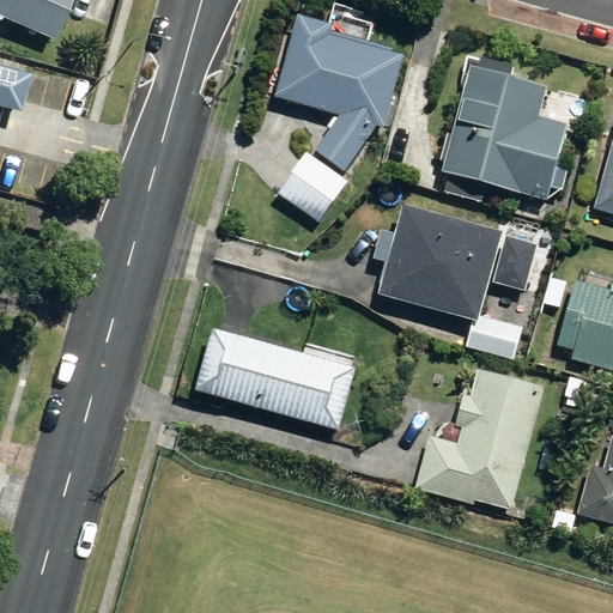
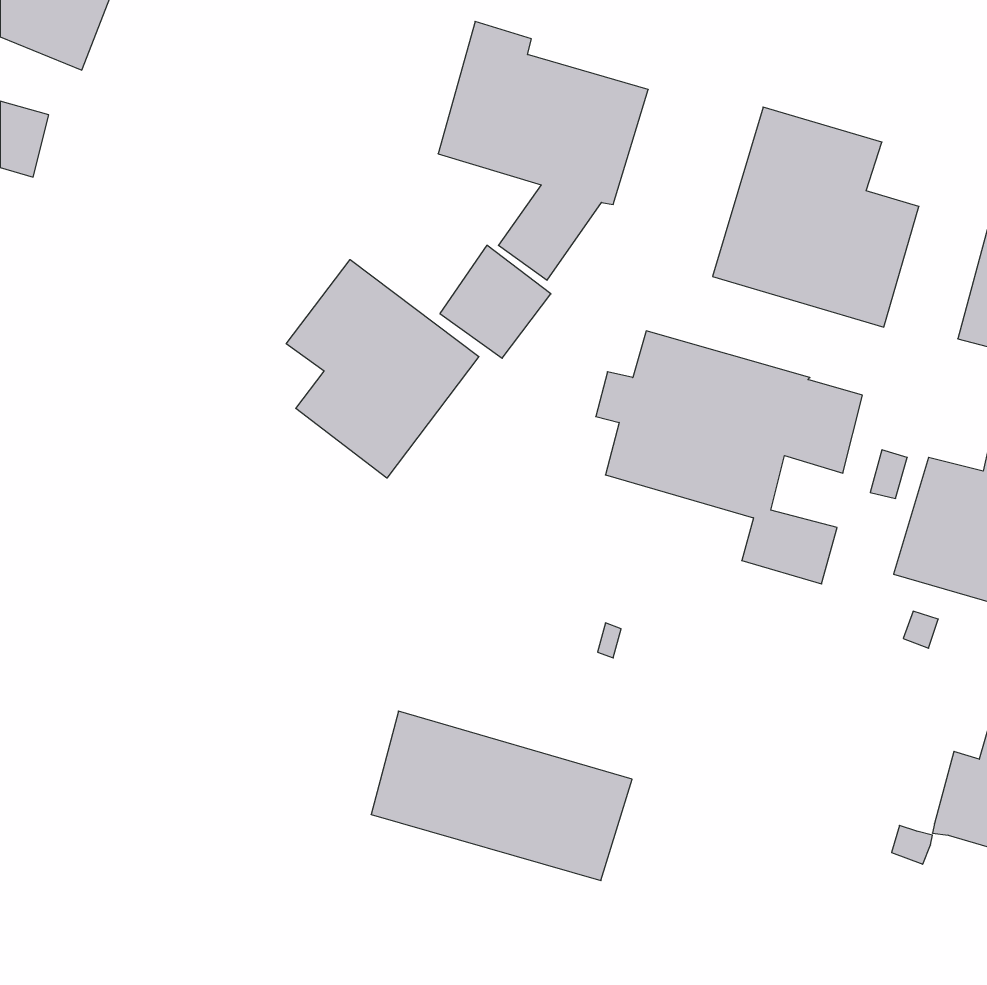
building: none -> [286,260,479,478]
building: [195,326,356,430] -> [371,711,632,881]
building: [414,369,542,509] -> none

